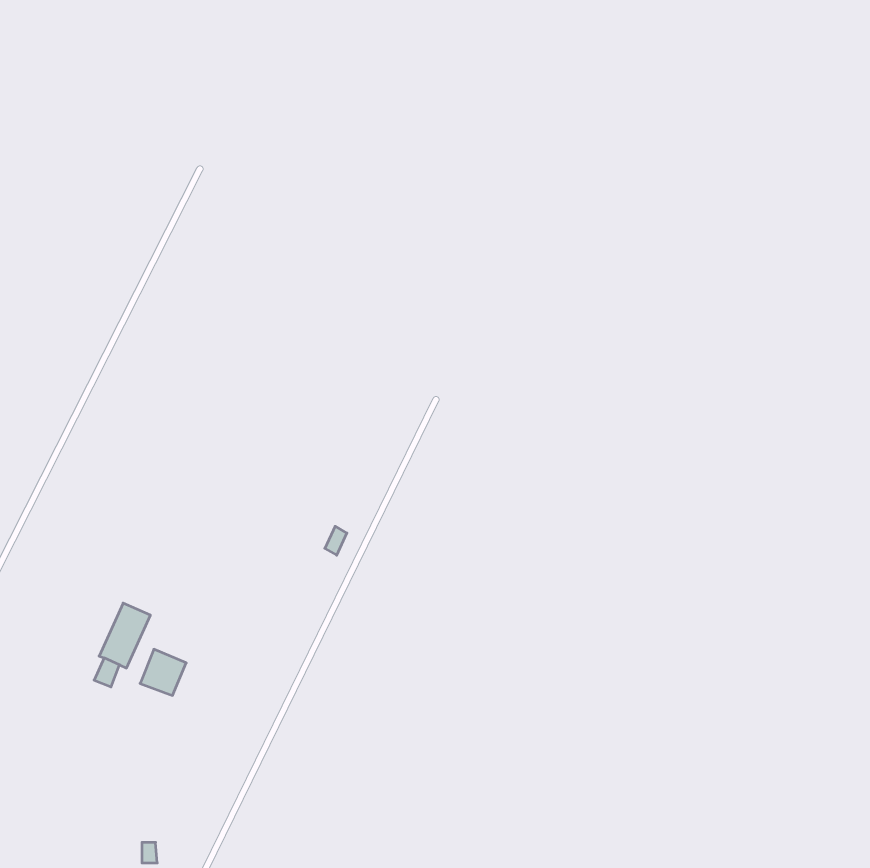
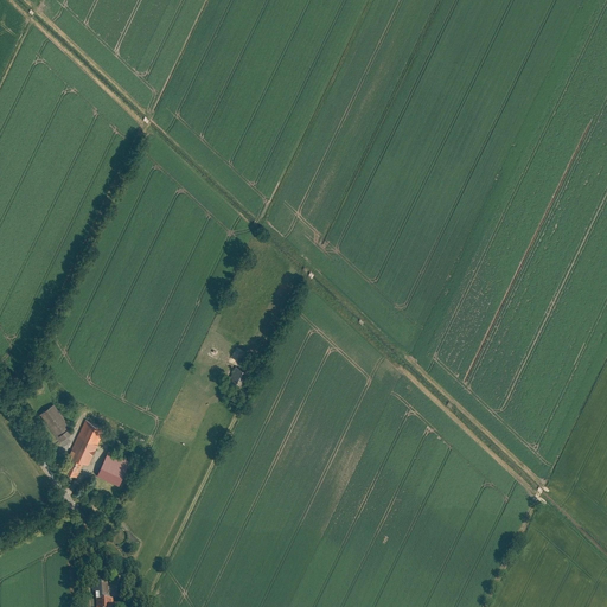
building: none -> [39,407,71,445]

